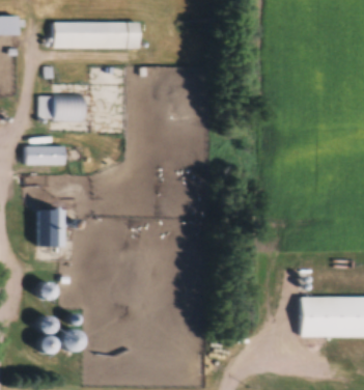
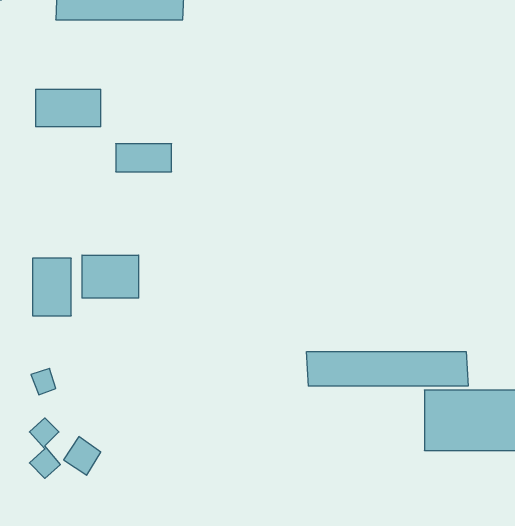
building: [26,145,63,164] -> [116,144,172,172]
building: none -> [82,255,139,298]
building: none -> [307,352,468,386]

